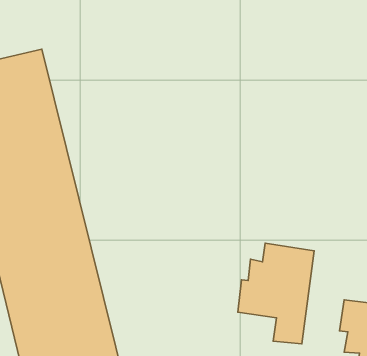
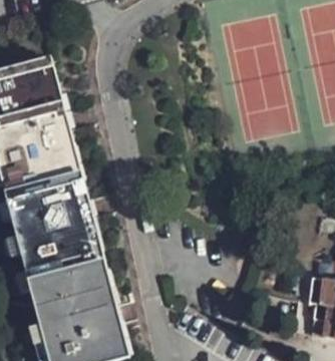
building: [238,243,314,344] -> none

